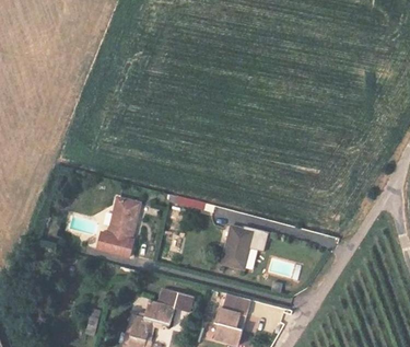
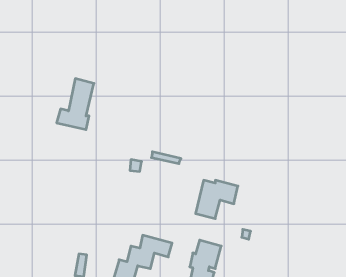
building: [97,197,139,254] -> [57,79,94,130]

